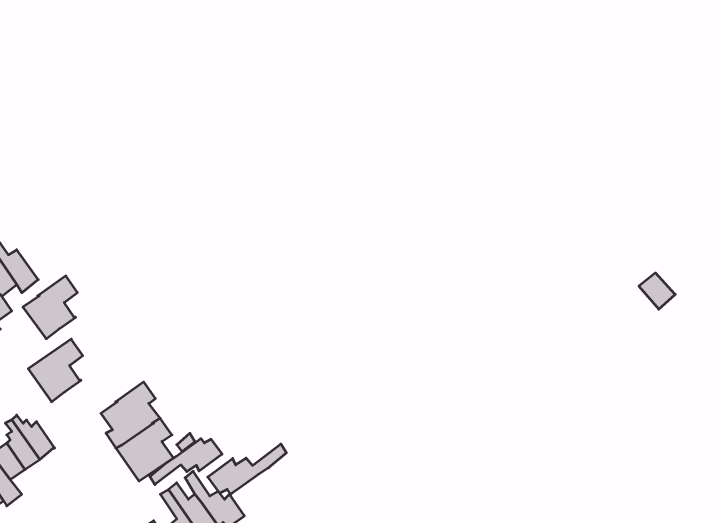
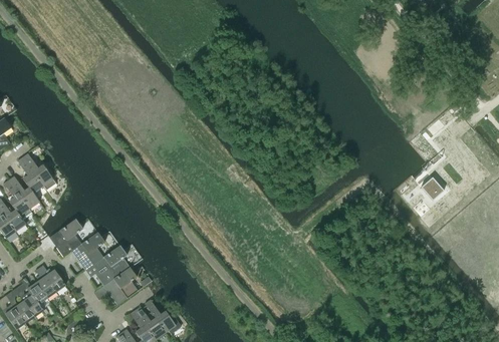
building: [23,276,77,339] -> [71,232,104,270]
building: [150,439,222,485] -> none
building: [208,444,286,494] -> none

